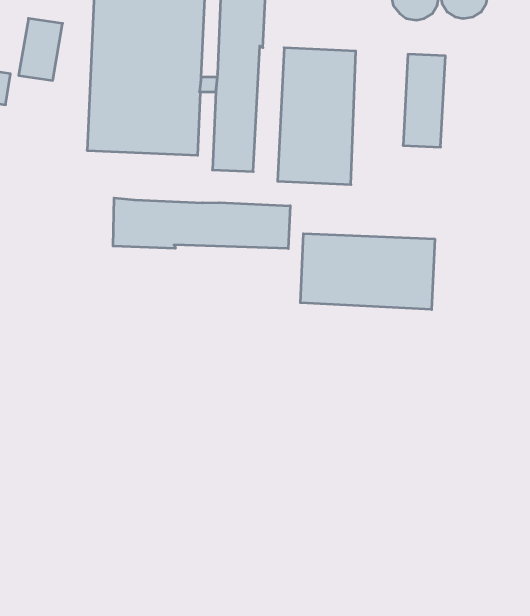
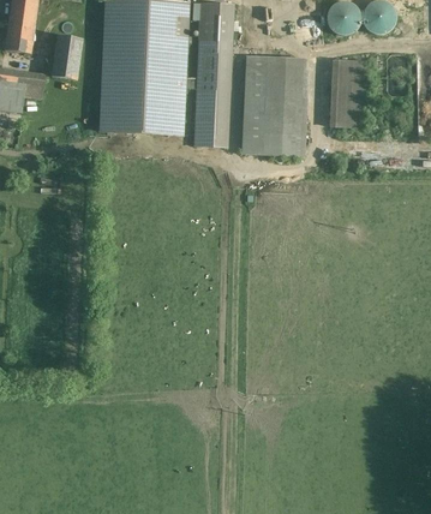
building: [113,198,290,249] -> none
building: [300,234,435,310] -> none

